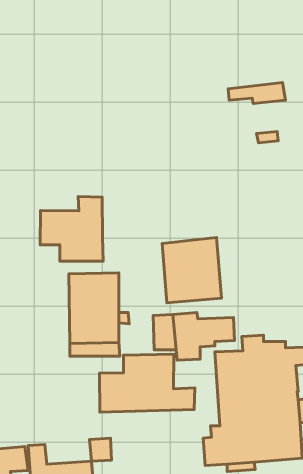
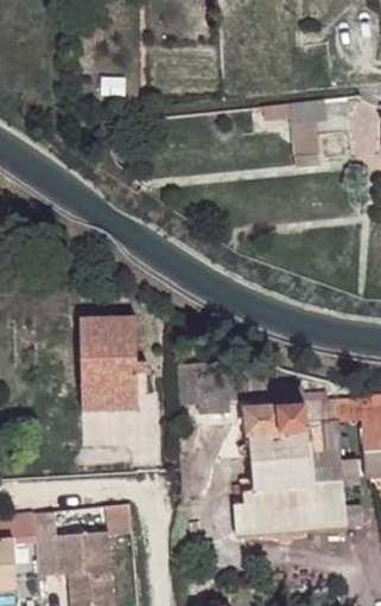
building: [40,196,103,261] -> none
building: [162,237,222,303] -> none
building: [99,354,195,412] -> none

